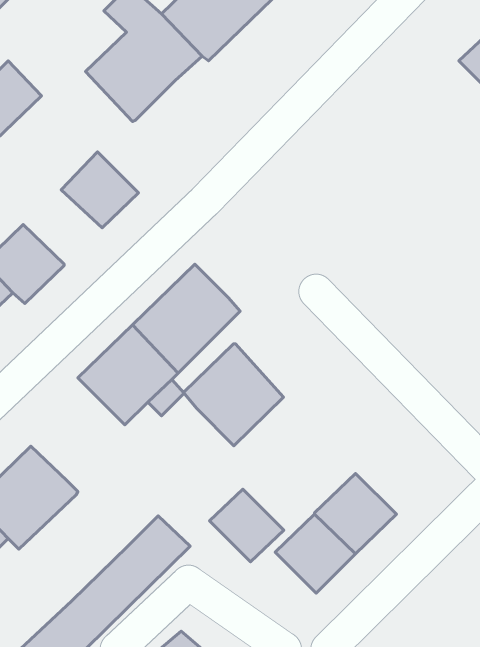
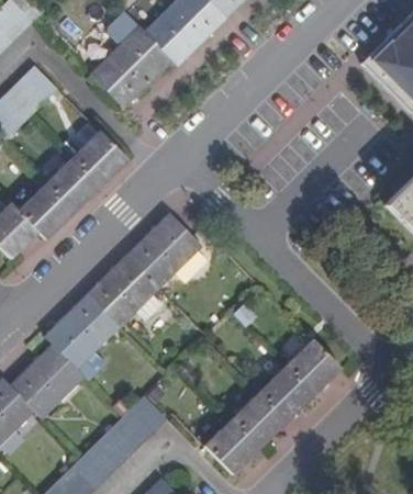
building: none -> [46,157,102,211]
building: [184,344,284,446] -> none
building: none -> [44,293,120,368]
building: none -> [287,337,343,392]
building: [210,489,284,562] -> [204,419,258,472]

